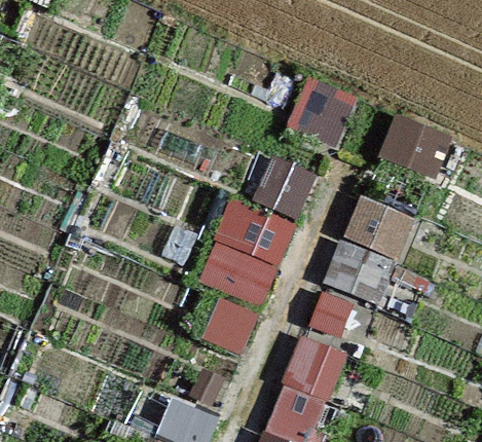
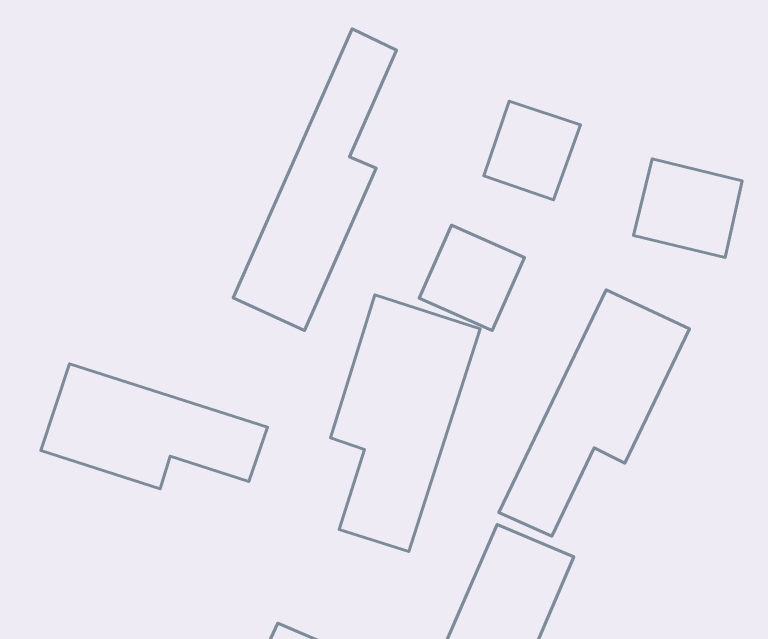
building: none -> [233,29,397,330]
building: none -> [41,364,268,489]

